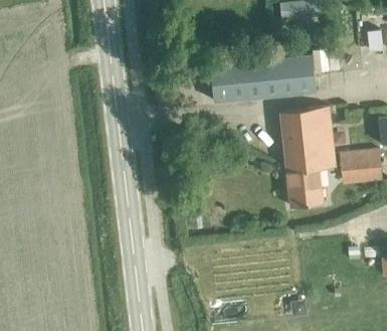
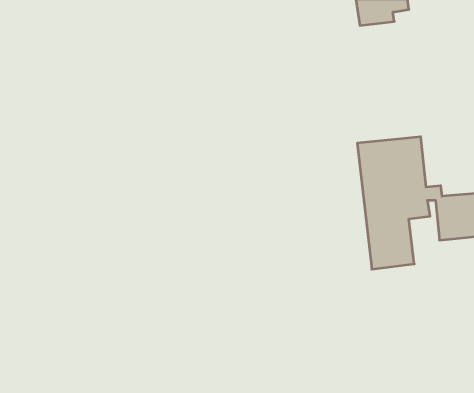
building: [210,55,316,102] -> none

